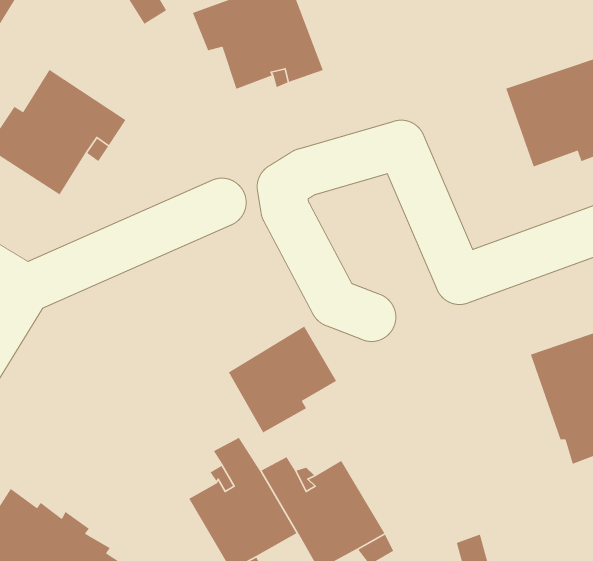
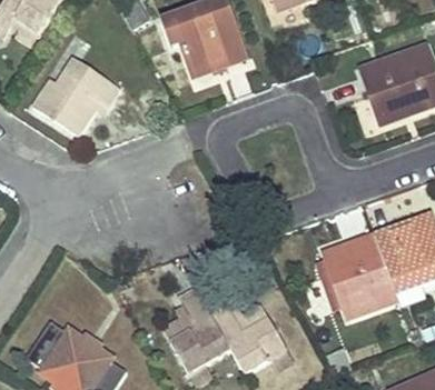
building: [228,325,337,434] -> none
building: none -> [318,236,398,318]

